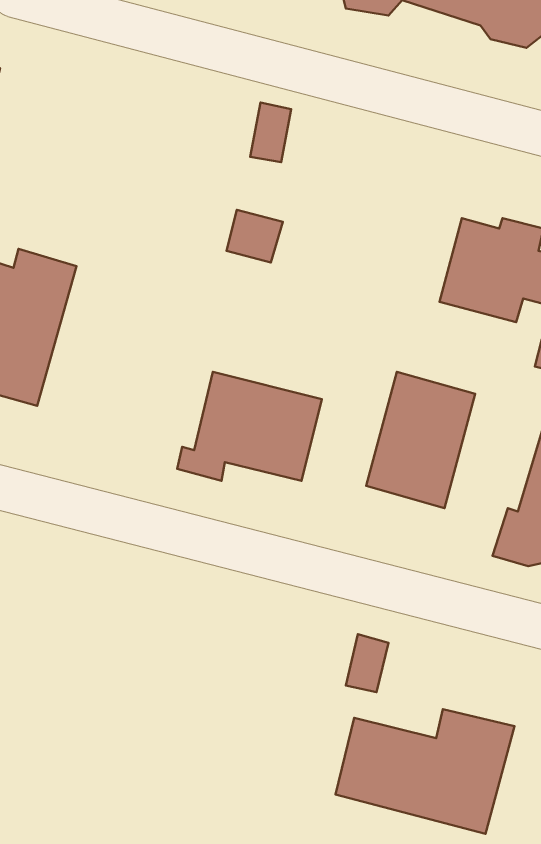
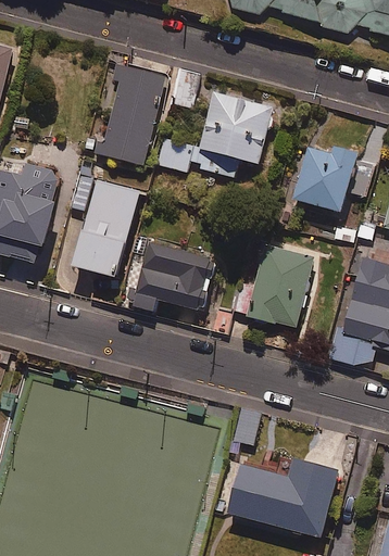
building: none -> [93,63,166,164]
building: none -> [193,91,273,178]
building: none -> [71,175,140,275]

